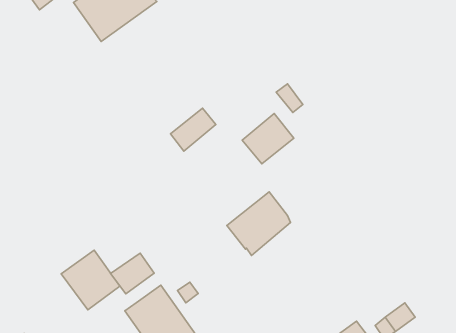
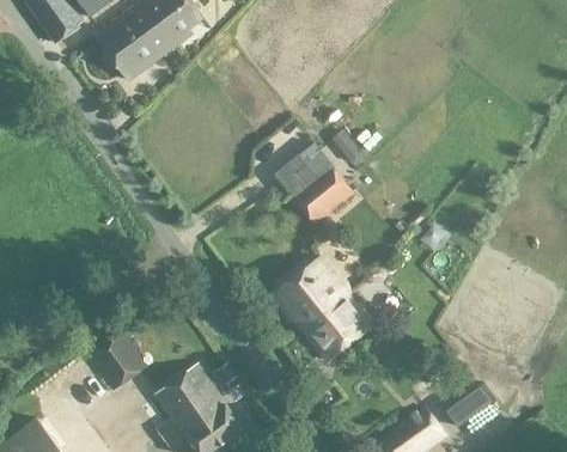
building: [170,108,216,151] -> [276,143,329,194]
building: none -> [303,289,373,359]
building: [111,253,154,294] -> none

